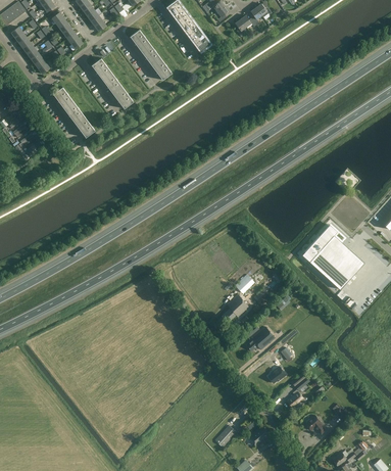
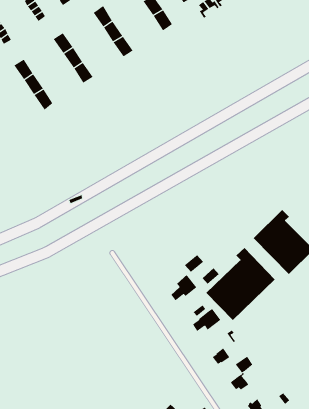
building: none -> [206,247,275,321]

